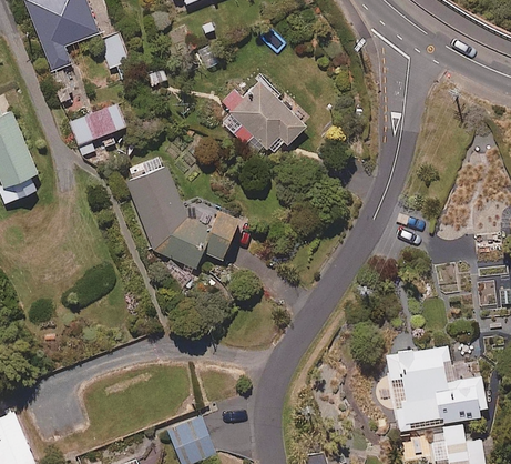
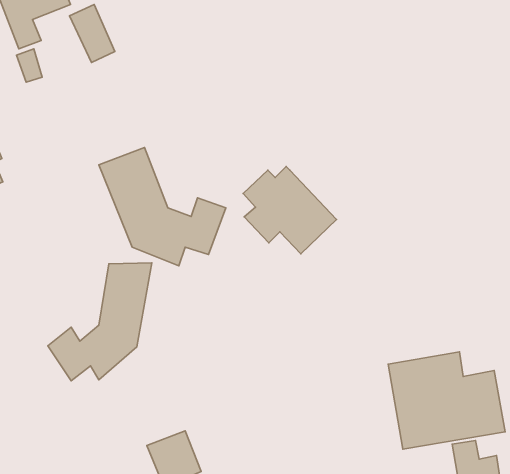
building: [222,77,306,155] -> [243,166,337,254]
building: [70,102,126,143] -> none
building: none -> [48,263,152,381]

